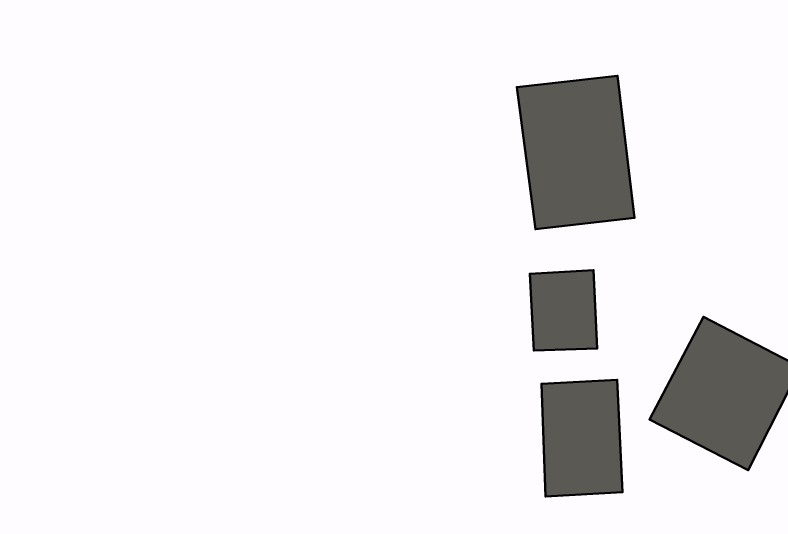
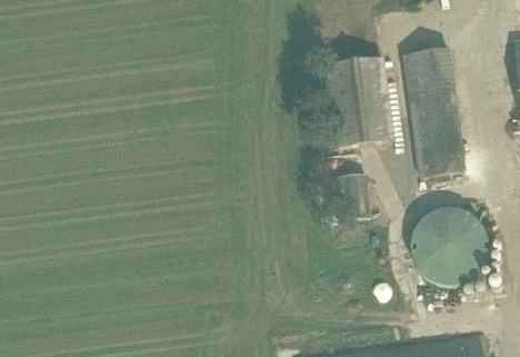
building: none -> [404,49,464,181]
building: [541,380,623,496] -> none

